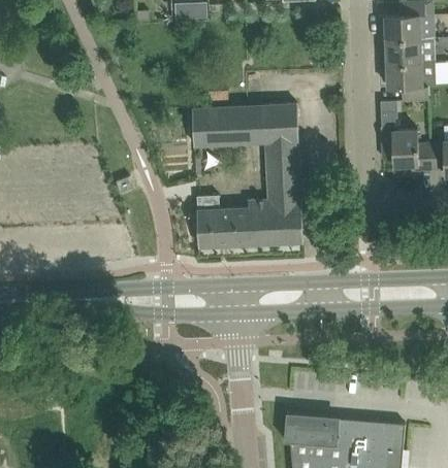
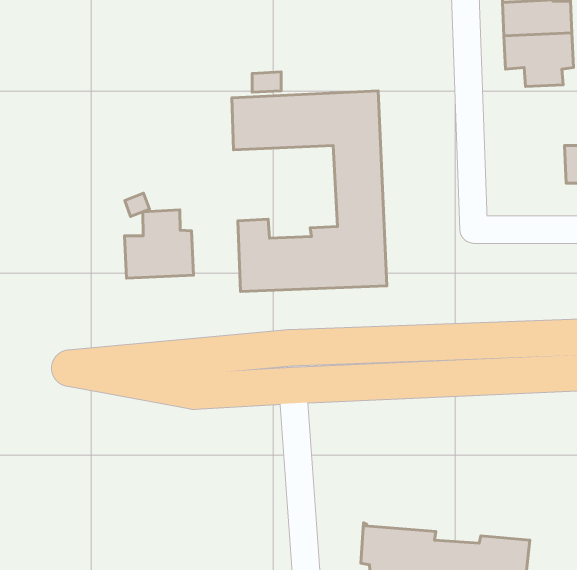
building: [380,110,430,170] -> none
building: none -> [125,210,194,278]

